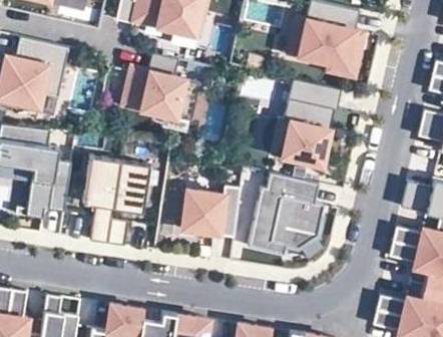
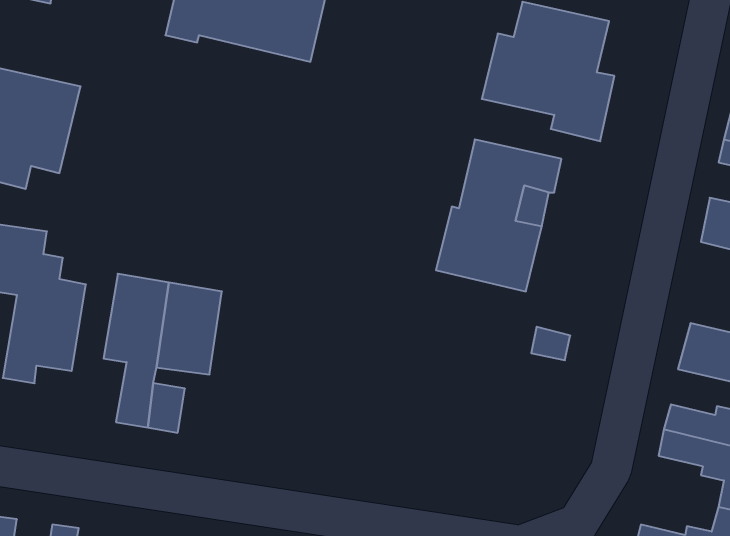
building: [121,56,197,120] -> none
building: [246,175,319,256] -> none
building: [178,186,238,238] -> none

